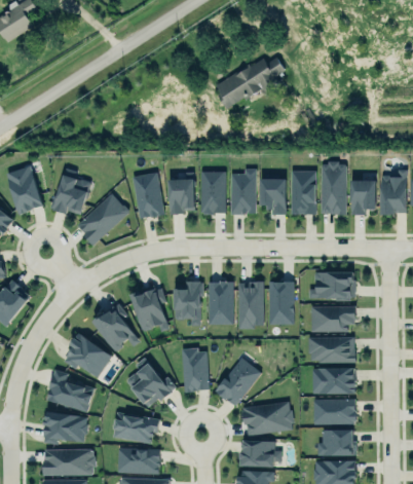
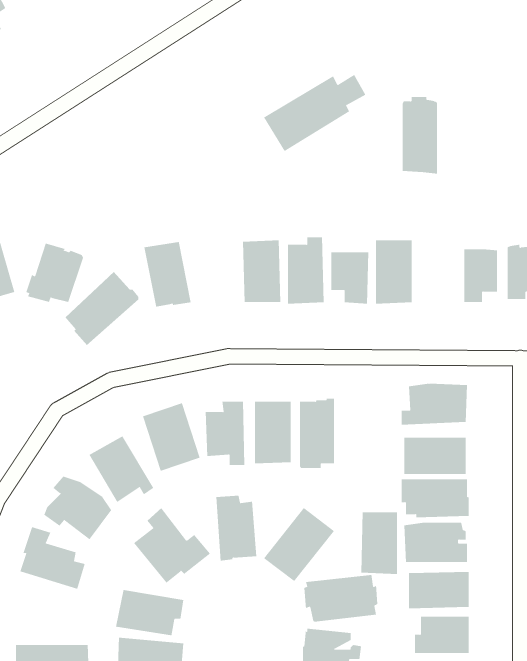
building: [322,161,346,215] -> [402,96,438,174]
building: [167,179,195,213] -> none
building: [268,283,294,326] -> [360,512,398,574]
building: [43,414,86,445] -> none

